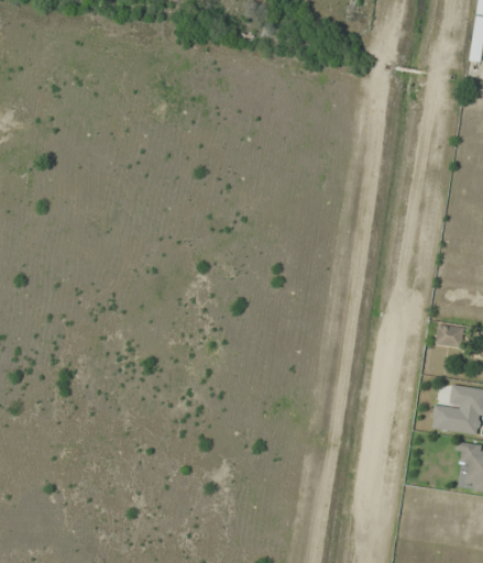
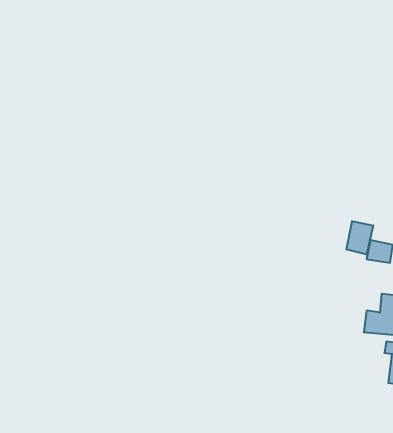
building: none -> [347,221,373,255]

